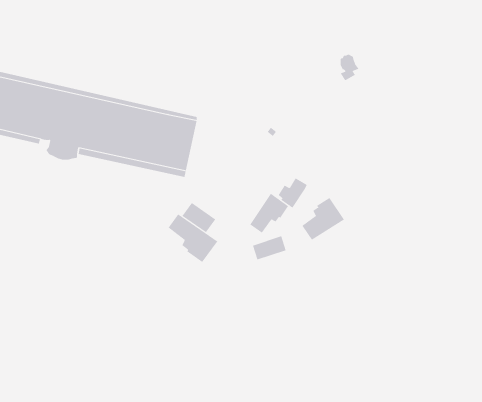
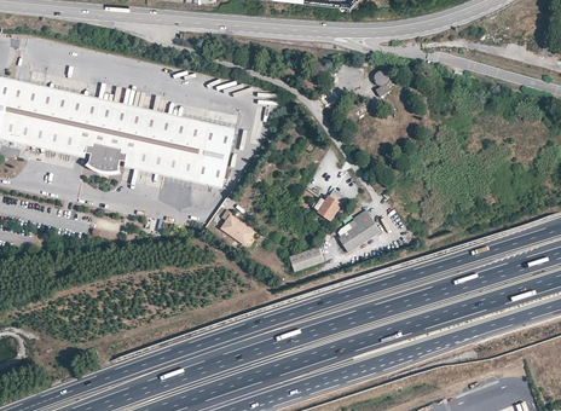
building: [250,193,289,233] -> none
building: [168,214,218,263] -> none

